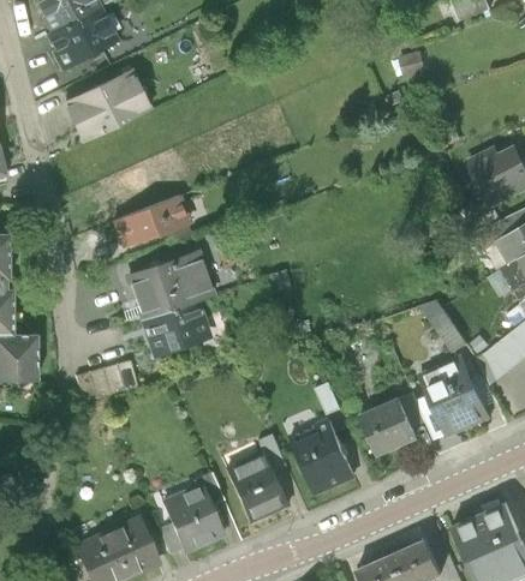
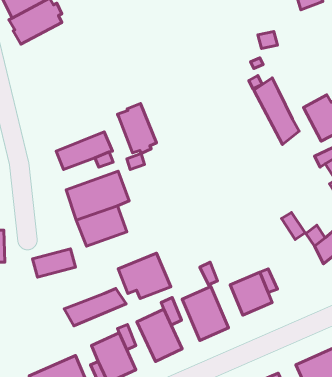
building: [60,68,149,143] -> none
building: none -> [254,78,299,144]
building: none -> [117,104,156,154]
building: [417,354,489,437] -> none
building: none -> [118,253,171,299]
building: none -> [64,288,126,326]

